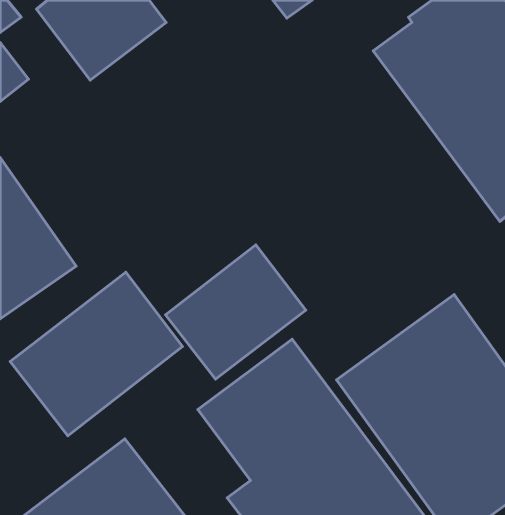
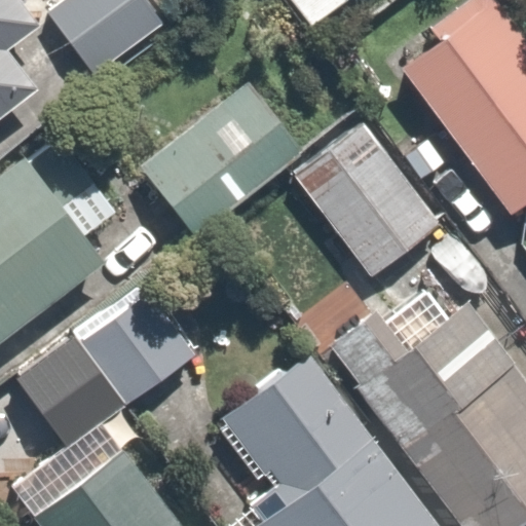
building: none -> [121,77,289,232]
building: none -> [278,117,447,291]
building: [166,245,306,379] -> none

